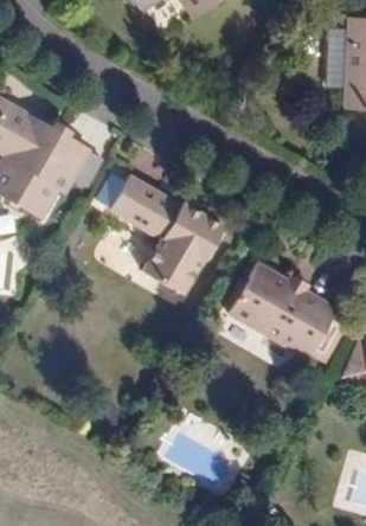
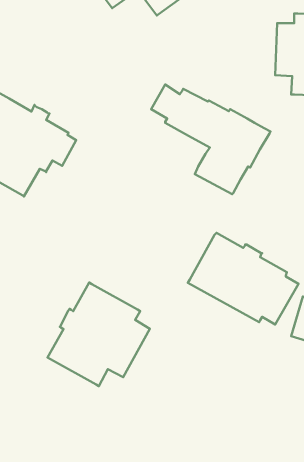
building: [95,172,227,294] -> [151,85,270,194]
building: none -> [48,283,150,386]

